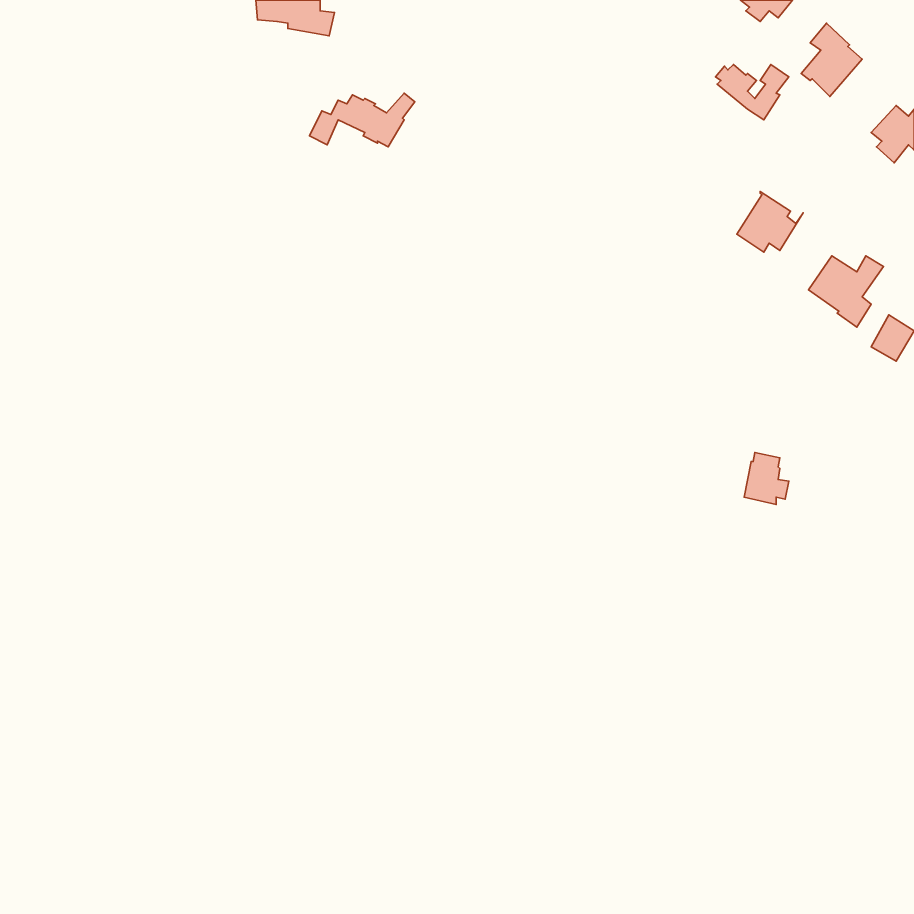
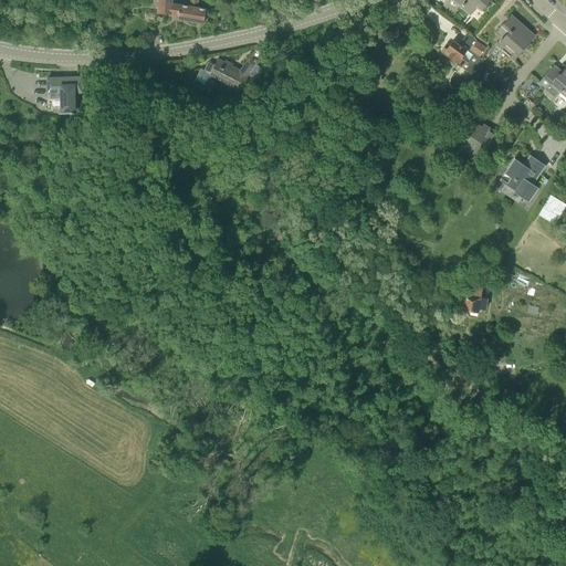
building: none -> [48,75,83,118]

